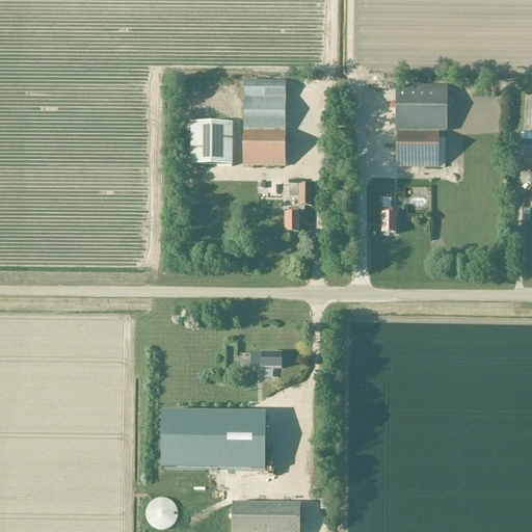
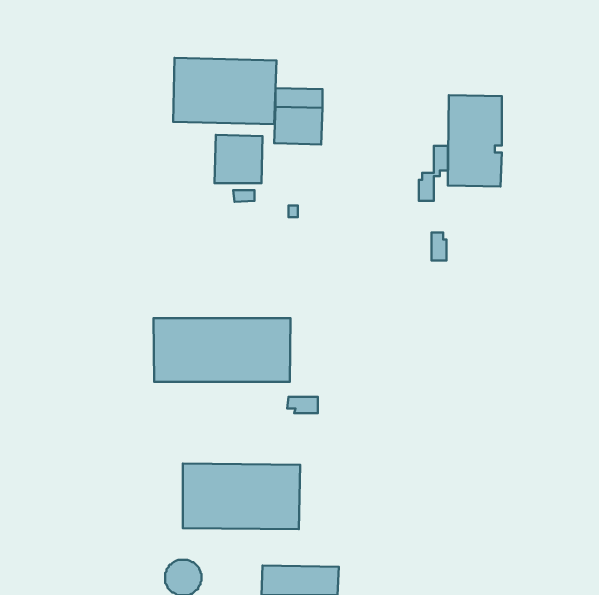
building: none -> [173,58,276,124]
building: [243,127,285,163] -> none
building: [285,182,311,231] -> [419,146,448,201]
building: none -> [153,318,290,382]

